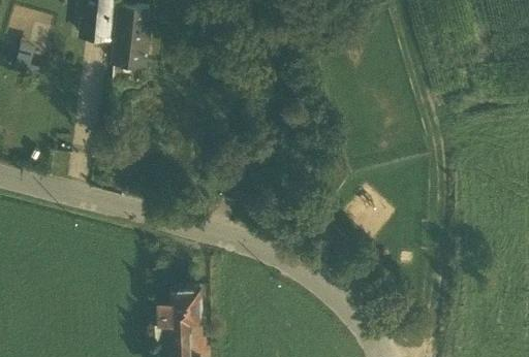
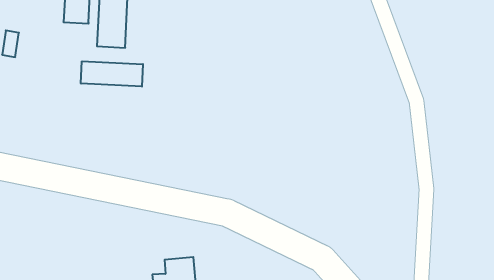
building: none -> [81,61,143,87]

